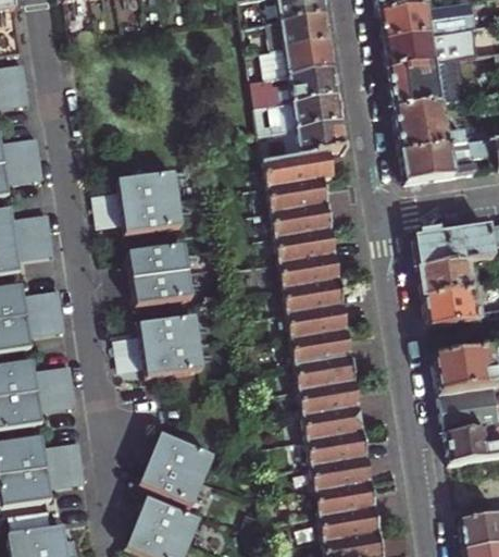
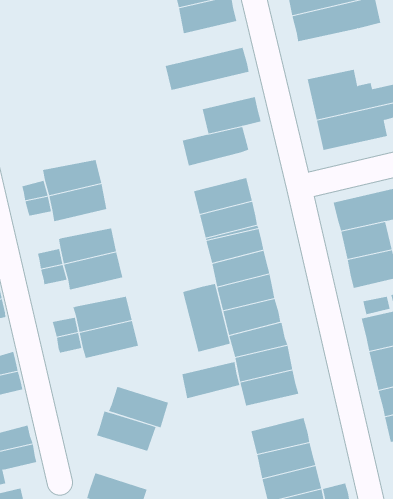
building: [262,41,334,79] -> none
building: [390,59,471,107] -> none
building: [255,95,342,133] -> none
building: [267,177,327,213] -> none
building: none -> [183,283,231,352]
building: [308,431,367,466] -> [181,361,240,399]
building: [140,458,203,505] -> [108,386,169,428]

